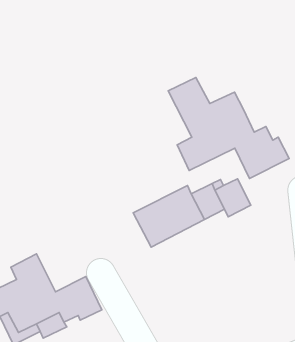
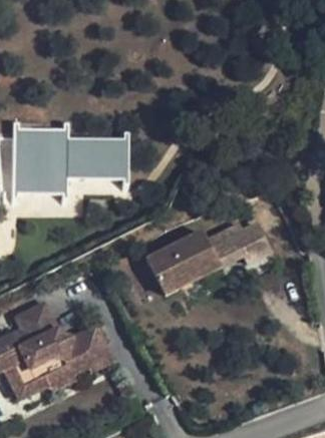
building: [168,77,289,178] -> none
building: none -> [12,121,127,197]

